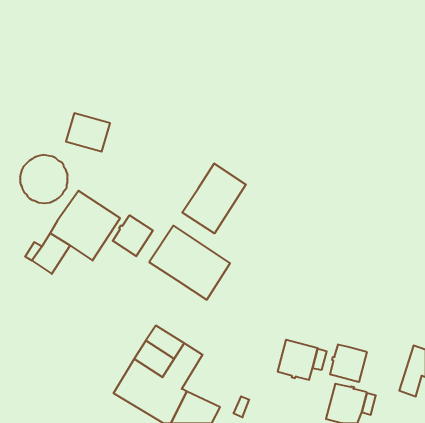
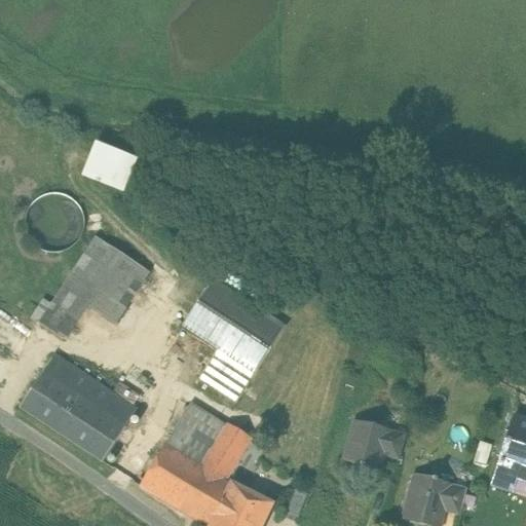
building: [182,163,246,233] -> none
building: [113,215,153,256] -> none
building: none -> [199,346,256,401]
building: none -> [20,351,139,460]
building: [330,344,367,382] -> none

